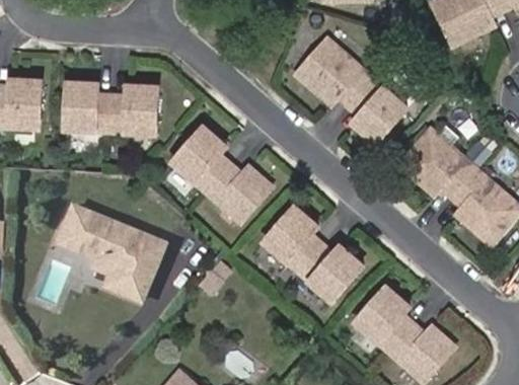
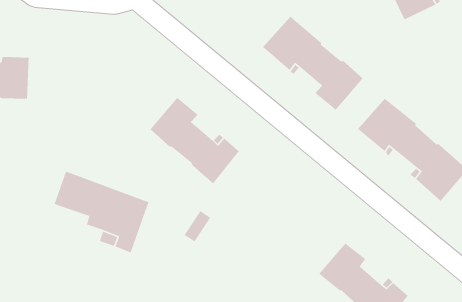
building: [62,84,154,135] -> none
building: [262,207,363,301] -> none

